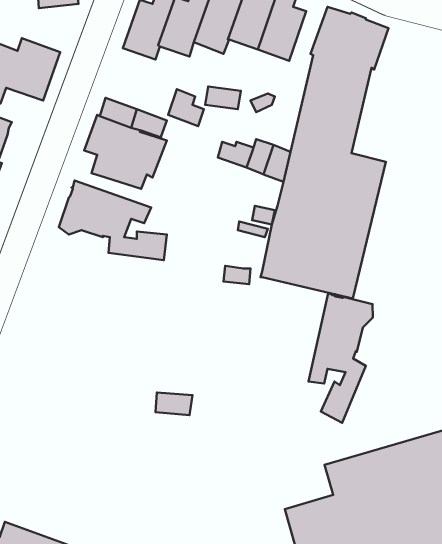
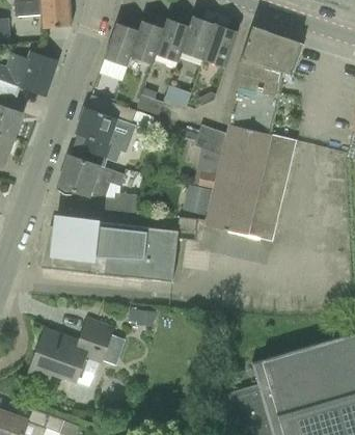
building: none -> [39,216,178,282]
building: [308,293,373,423] -> none
building: none -> [28,319,114,386]

